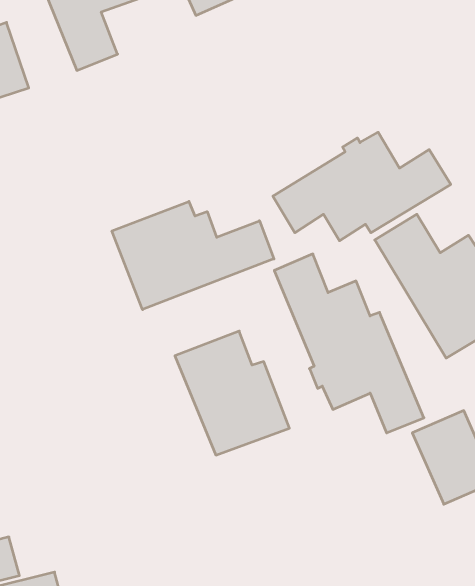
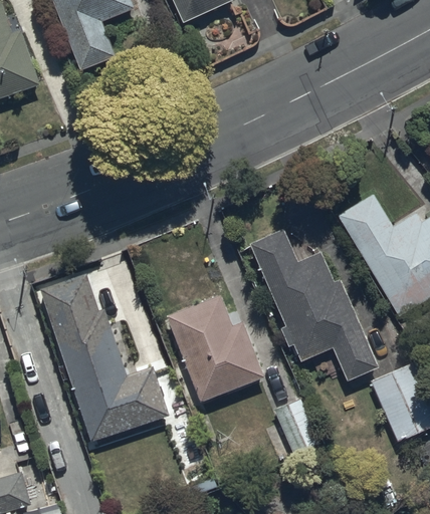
building: [273,132,451,241] -> none
building: [112,201,274,310] -> none
building: none -> [40,272,170,440]

